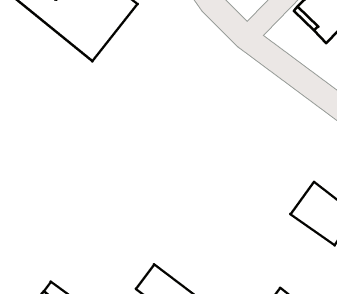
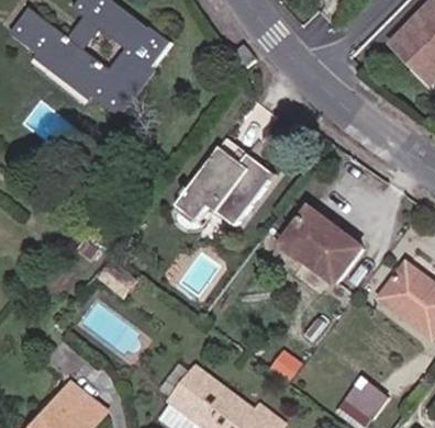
building: none -> [177,149,272,226]
building: none -> [275,205,362,289]

